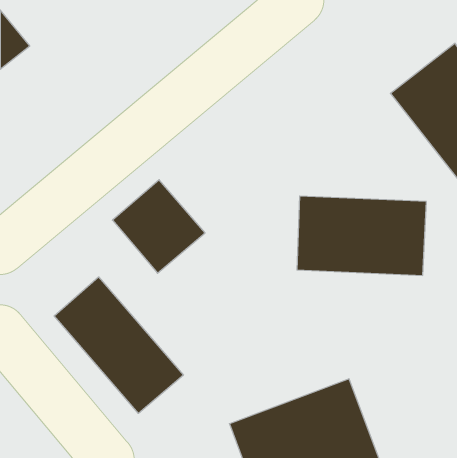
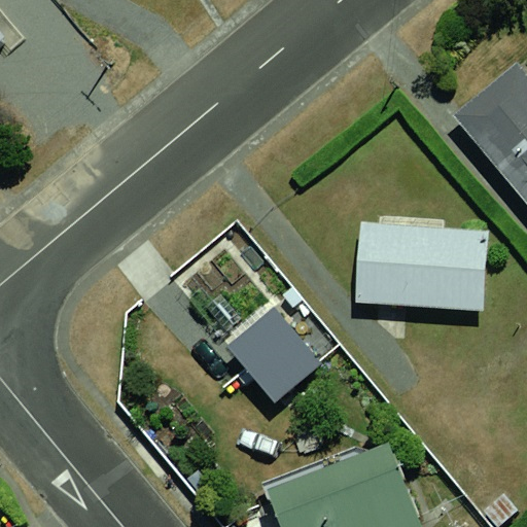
building: [112,180,205,273] -> [221,290,327,397]
building: [54,277,183,413] -> none

